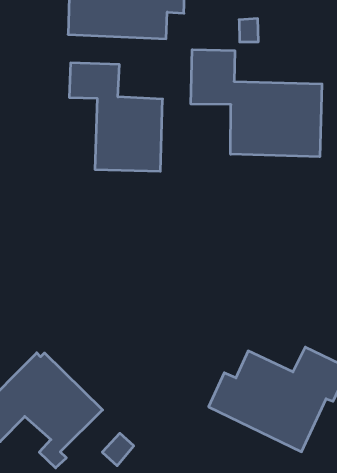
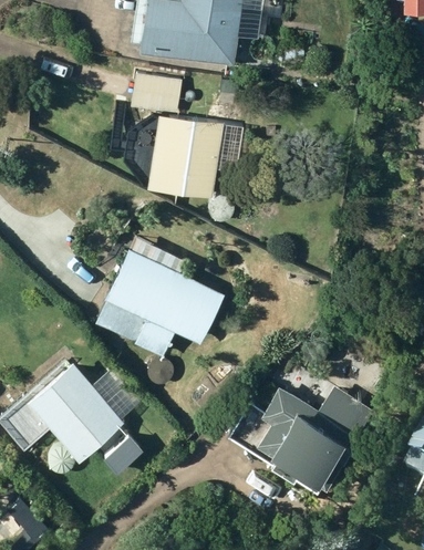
building: [191,50,322,157] -> none
building: none -> [94,237,226,357]

